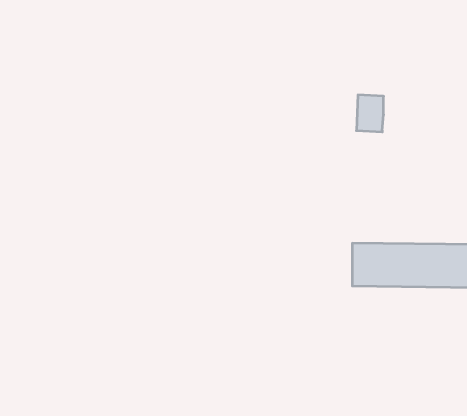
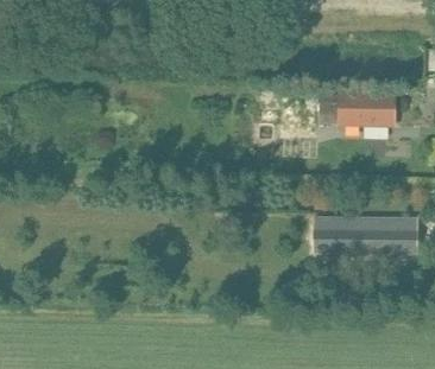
building: none -> [340,96,395,126]

